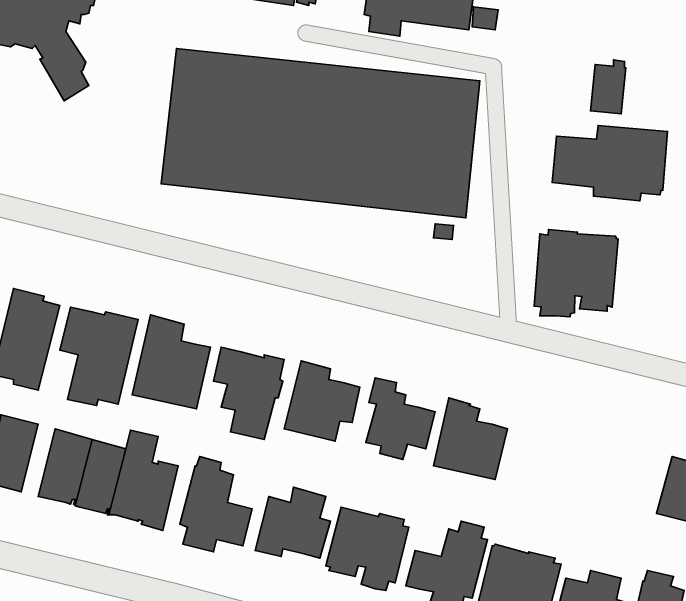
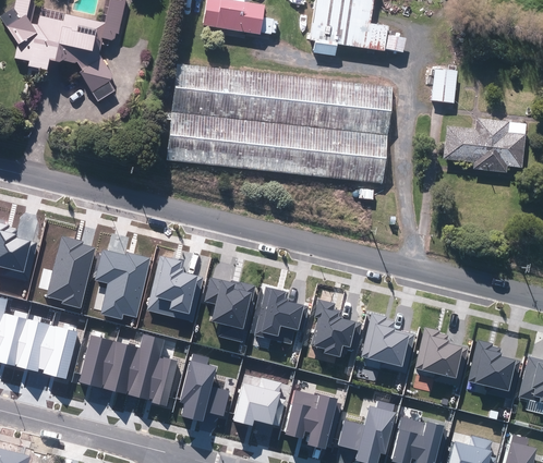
building: [590,60,626,114] -> [431,66,456,105]
building: [534,229,618,317] -> none
building: none -> [410,326,464,385]
building: none -> [466,337,519,393]

